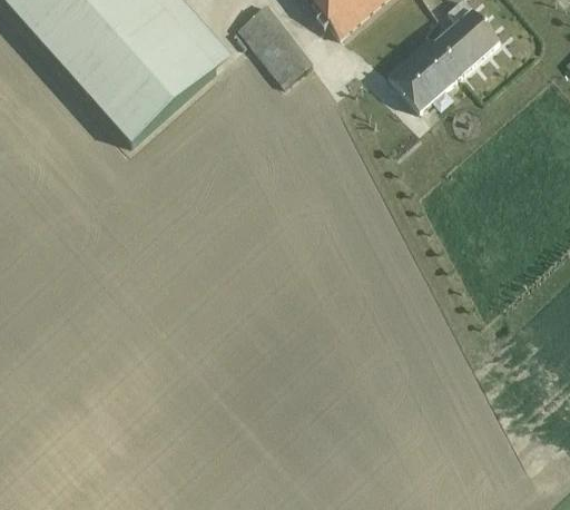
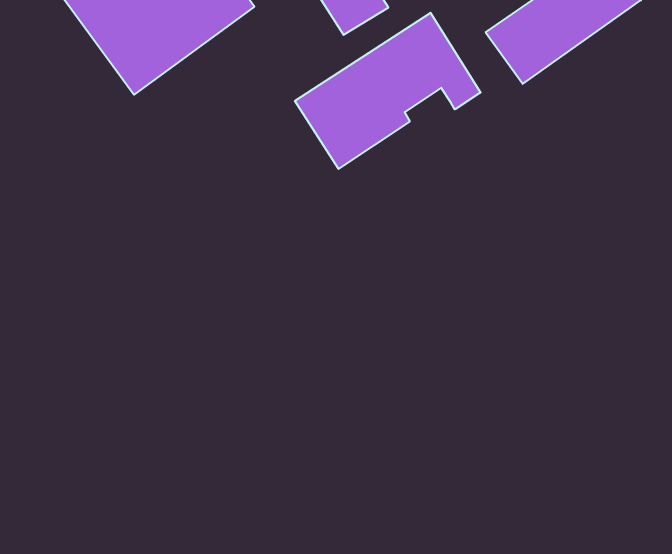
building: none -> [295,13,481,169]

